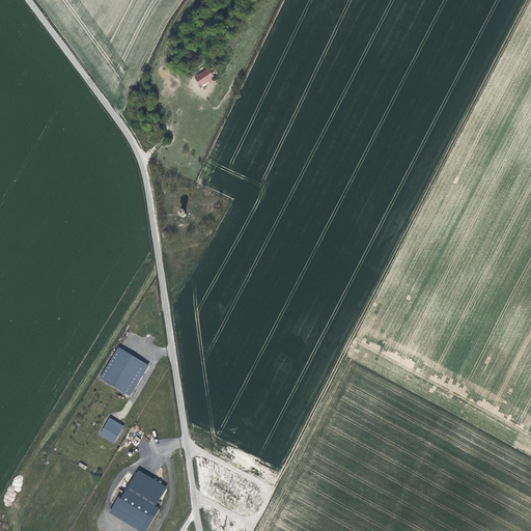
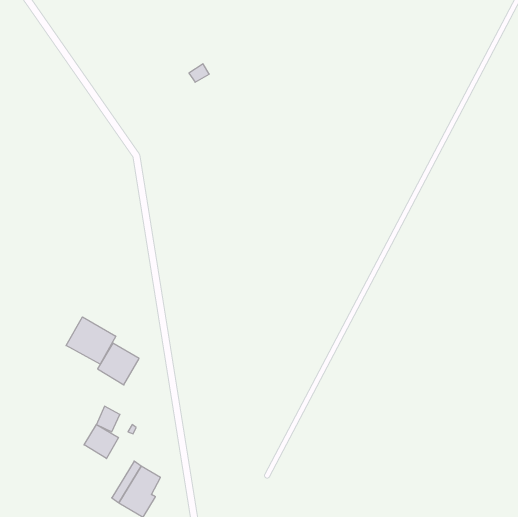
building: none -> [66,317,116,364]
building: none -> [84,425,118,459]

